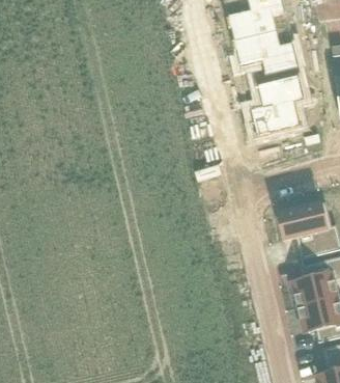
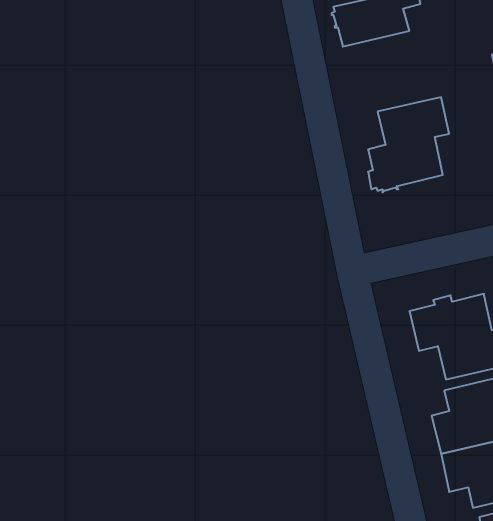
building: [232,29,299,73] -> none

